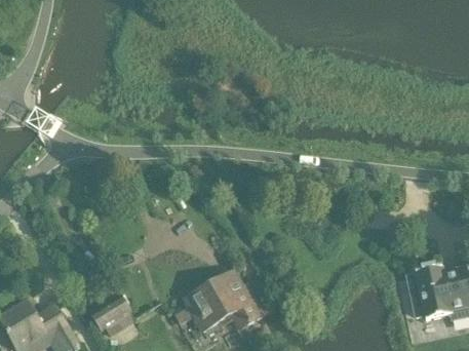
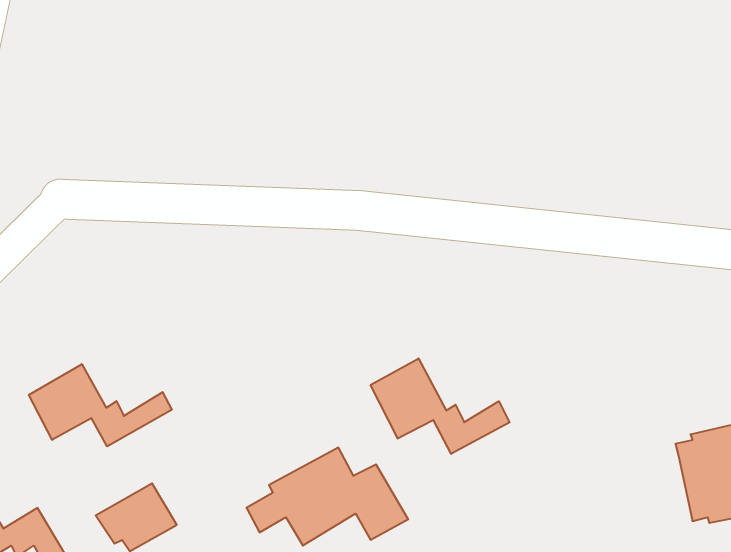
building: none -> [371,358,510,454]
building: none -> [29,364,172,446]

